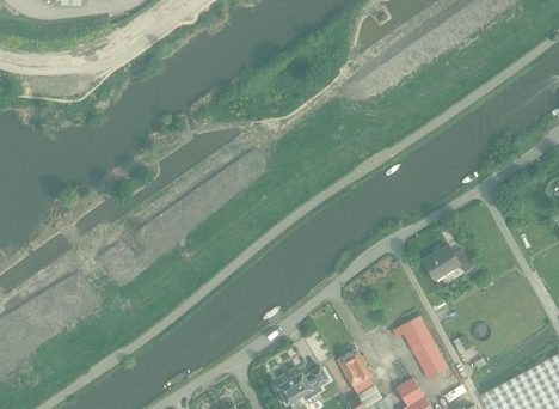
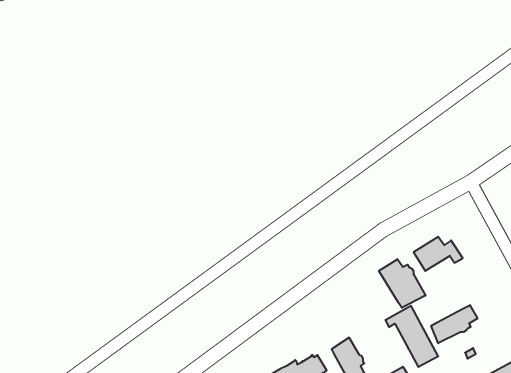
building: none -> [379,259,426,308]
building: none -> [431,305,477,343]

